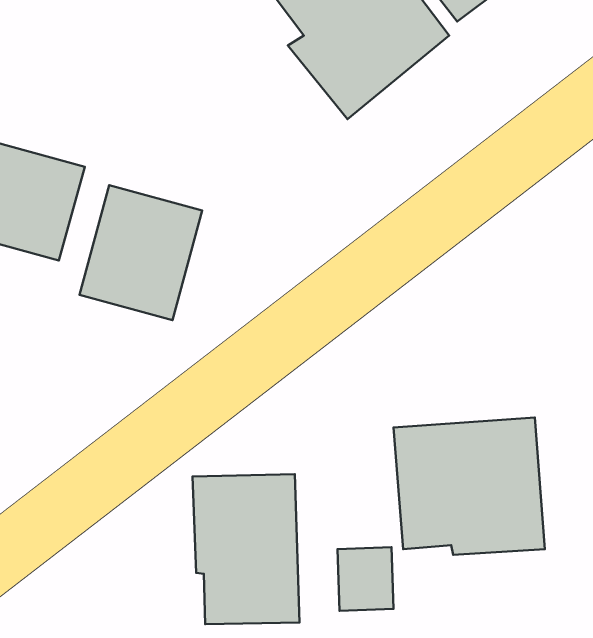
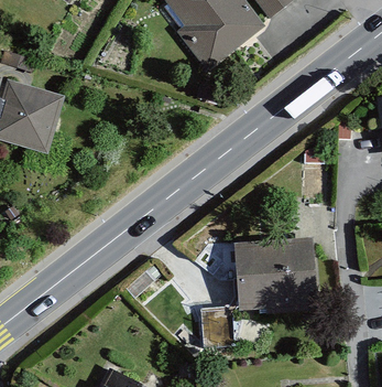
building: [80,185,202,320] -> none
building: [193,474,300,624] -> none

